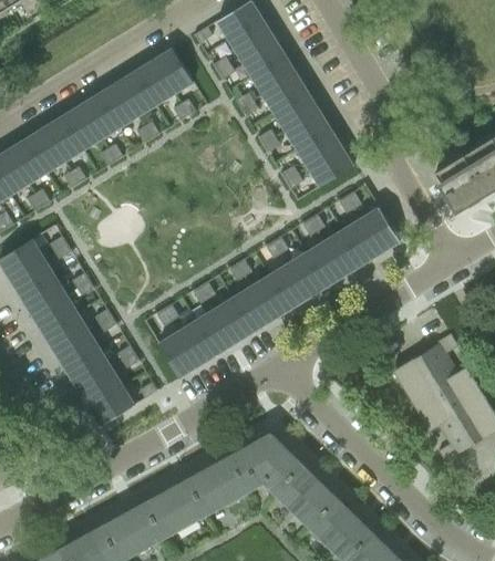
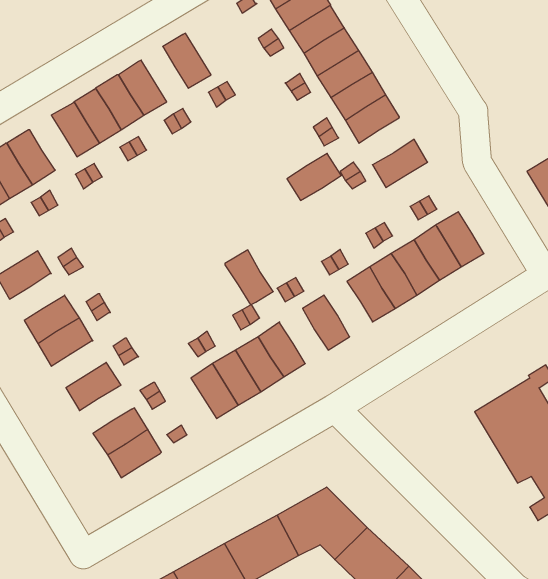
building: [154,49,193,94] -> none
building: [117,71,156,116] -> none
building: [25,127,64,173] -> none
building: [297,129,342,168] -> [287,153,342,200]
building: [9,258,54,297] -> none
building: [268,264,308,310] -> none
building: [231,287,271,332] -> [225,250,273,305]
building: [43,313,89,352] -> none
building: [66,350,112,389] -> none

